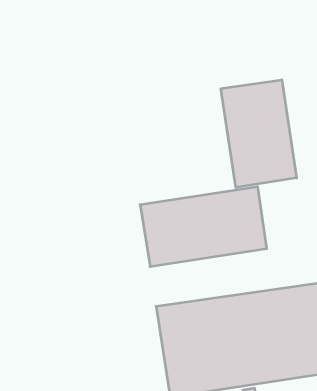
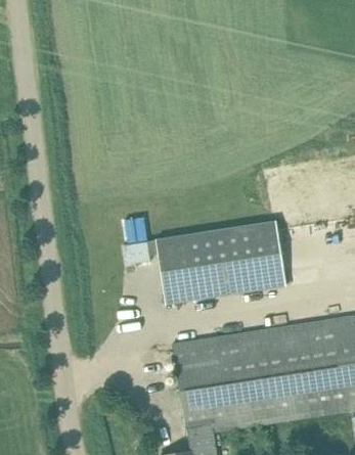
building: [221,80,297,188] -> none

